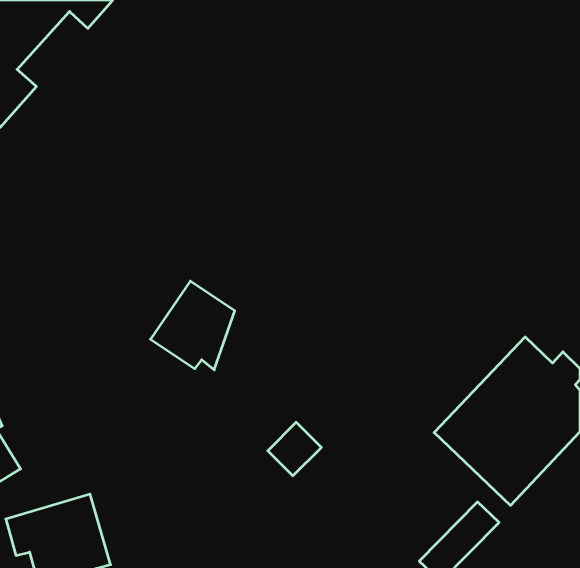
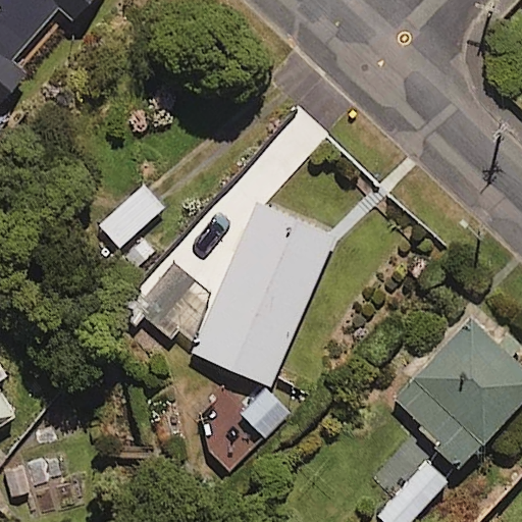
building: none -> [193,207,331,385]

